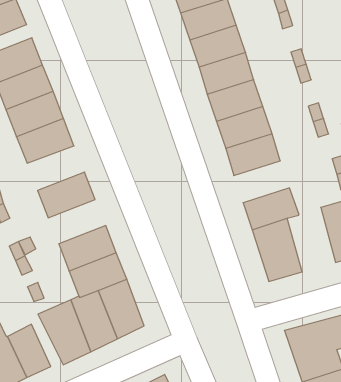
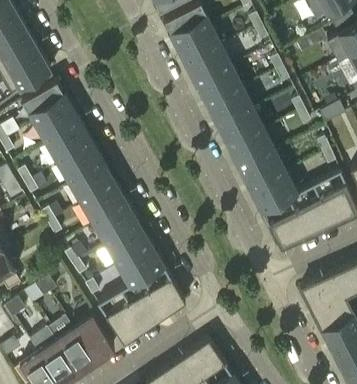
building: none -> [68,163,116,204]
building: none -> [238,149,285,188]
building: none -> [92,204,140,245]
building: none -> [287,182,332,237]

